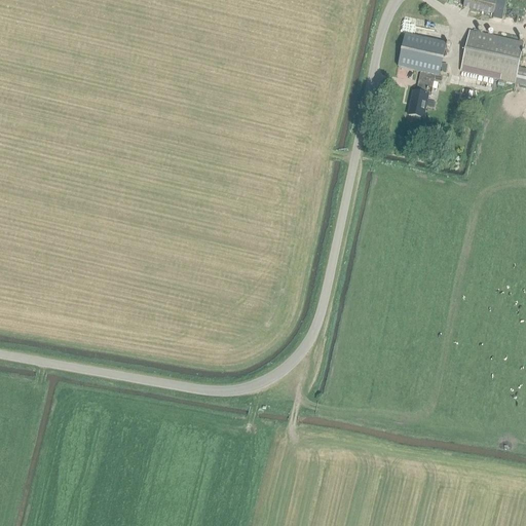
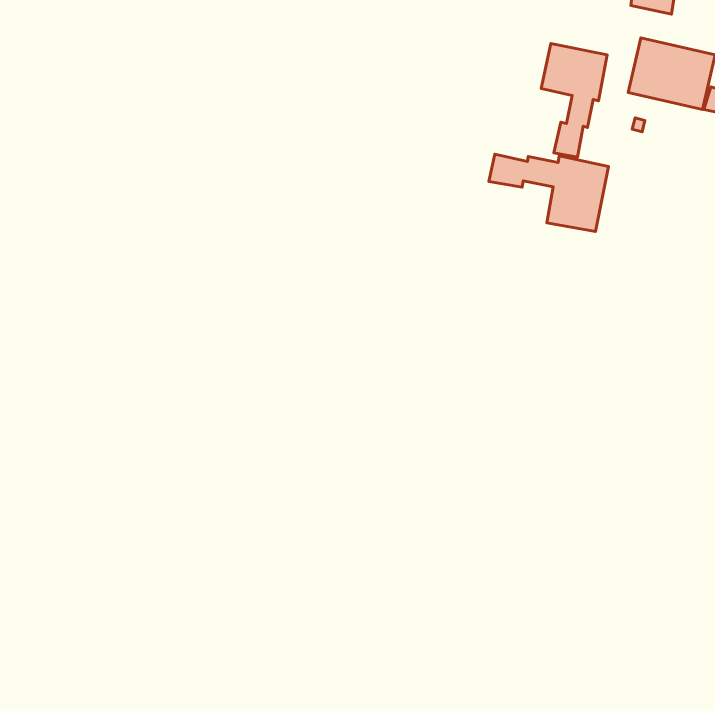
building: none -> [489,154,609,232]

